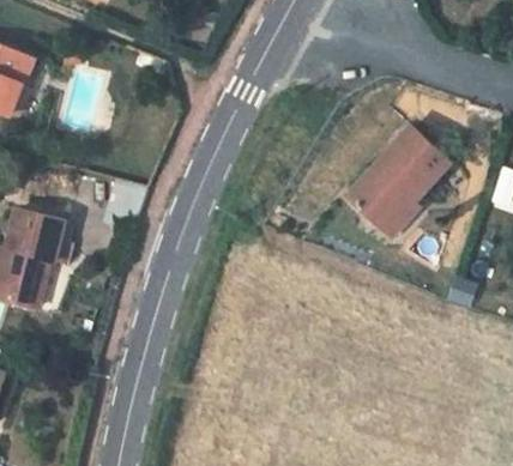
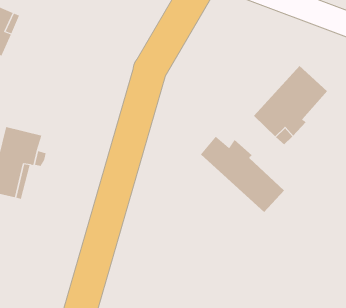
building: none -> [200,136,285,213]

